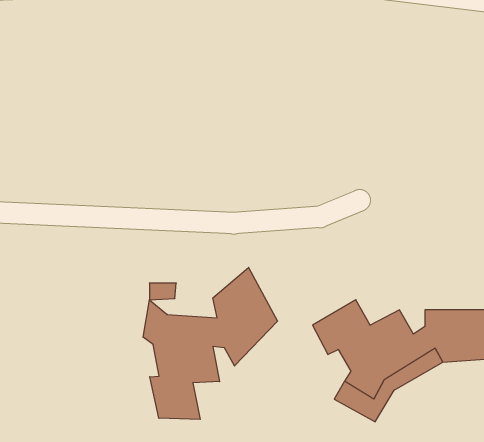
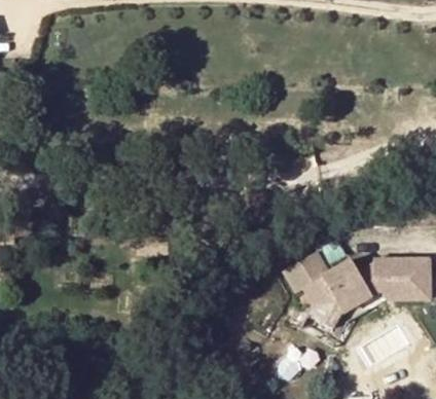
building: [143,267,278,419] -> none

